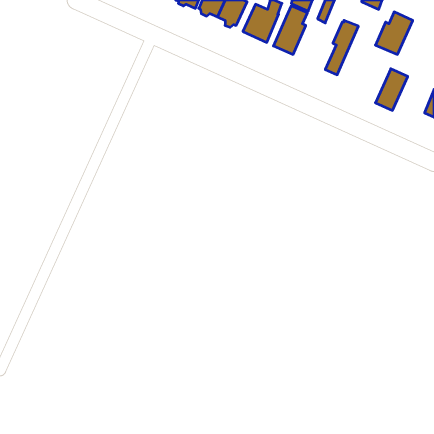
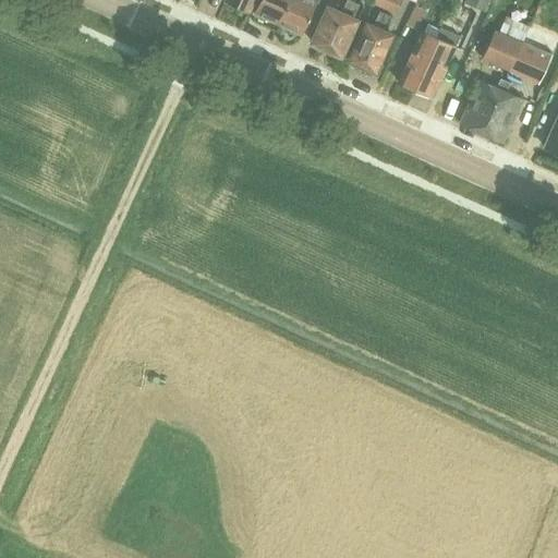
building: none -> [398,23,439,89]
building: none -> [510,26,550,83]
building: none -> [460,78,501,132]

